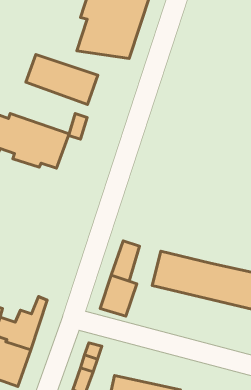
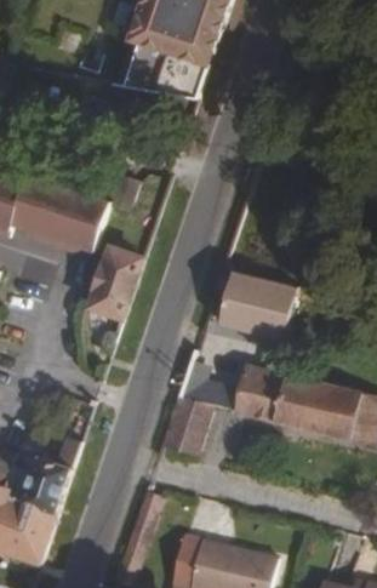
building: [26,55,98,105] -> none
building: none -> [93,246,141,314]
building: none -> [211,264,298,347]

